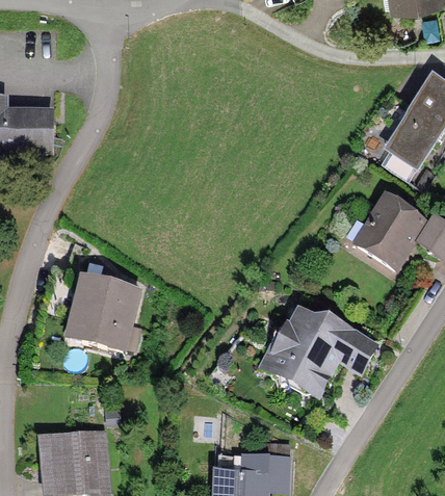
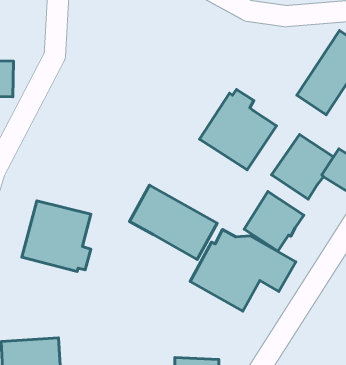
building: none -> [199,89,277,170]
building: none -> [129,185,217,259]
building: none -> [244,191,304,251]

